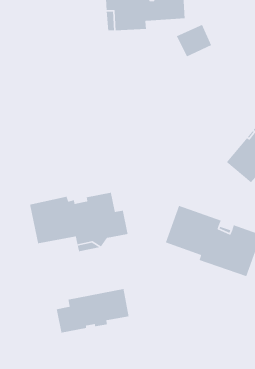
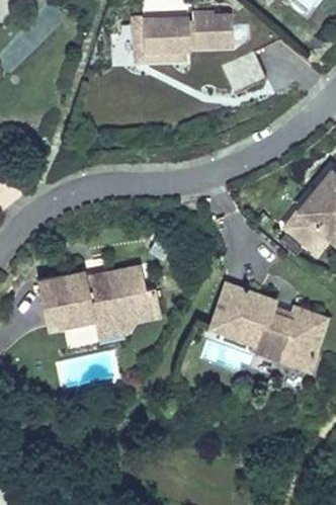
building: [56,288,130,334] -> none

